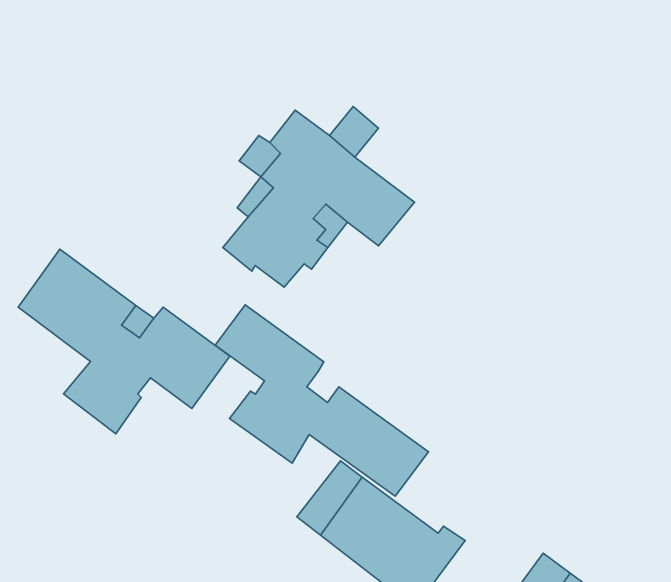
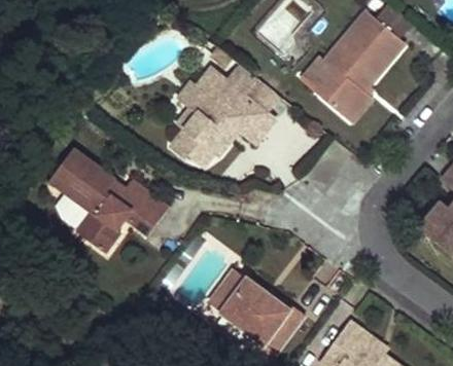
building: none -> [314,11,404,120]
building: [215,305,428,496] -> none

